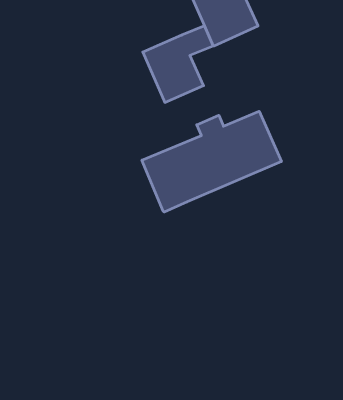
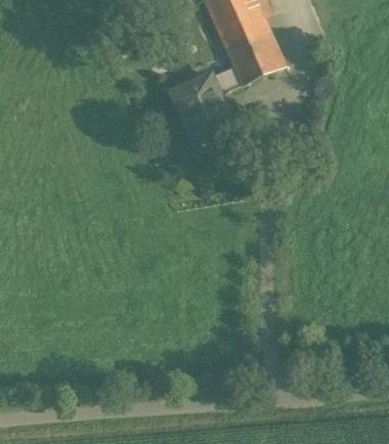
building: [142,111,281,212] -> none

